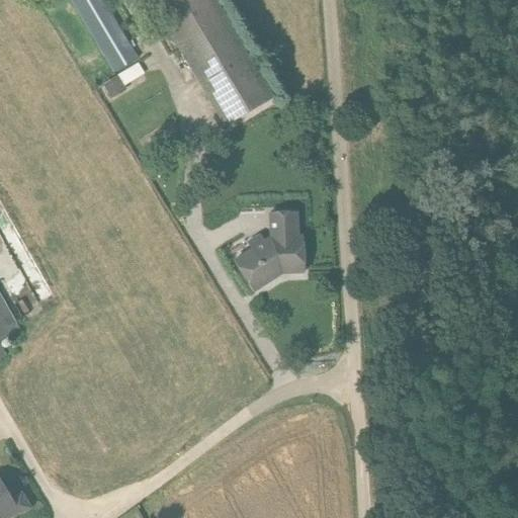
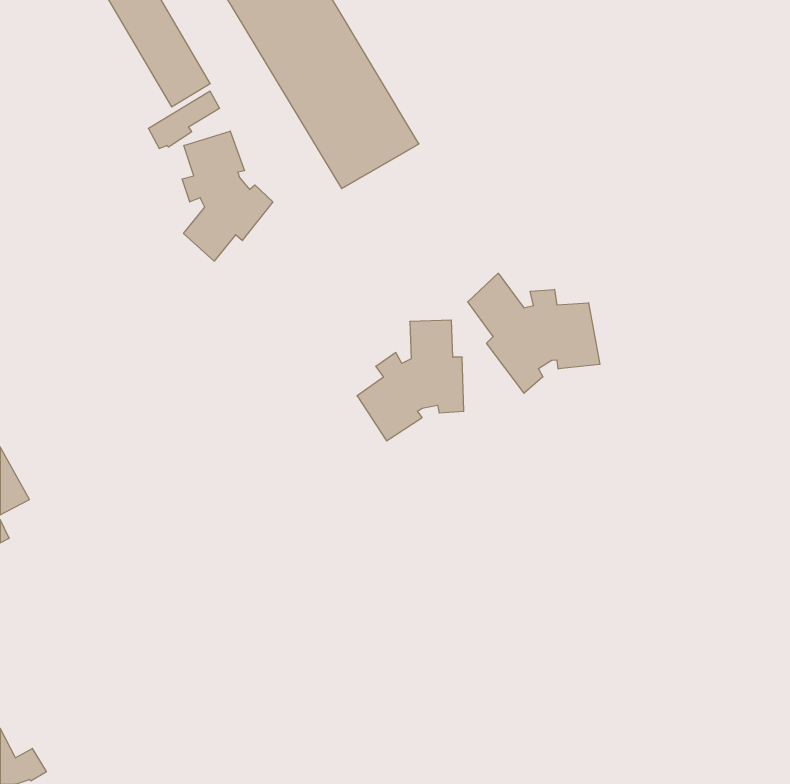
building: none -> [182,131,273,261]
building: none -> [468,273,600,393]

